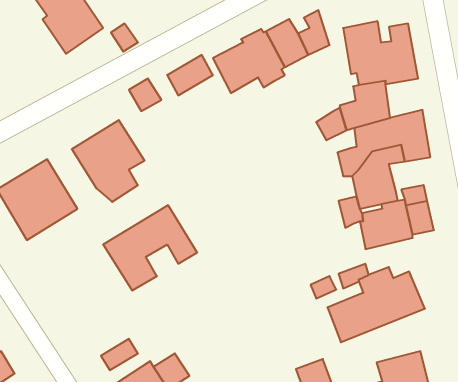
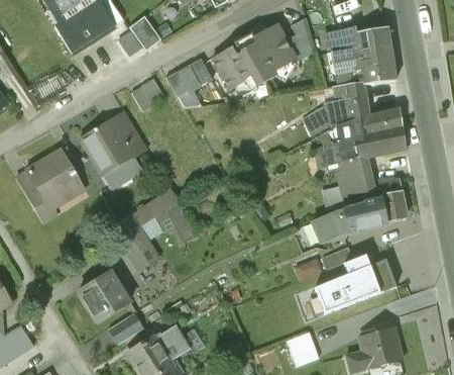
building: none -> [129,16,159,49]
building: none -> [311,207,347,242]
building: none -> [81,270,131,320]

